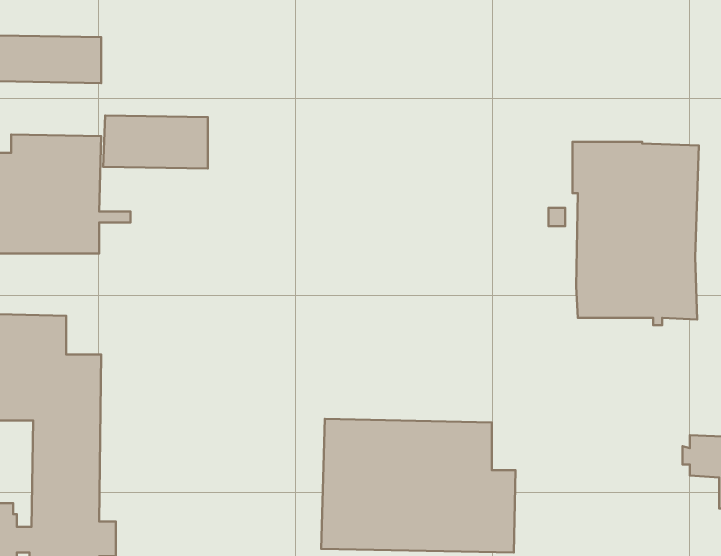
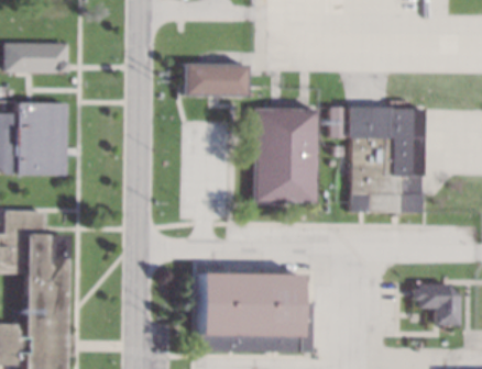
building: [103,115,208,169] -> [184,64,247,96]
building: none -> [330,107,348,137]
building: none -> [253,108,316,202]

